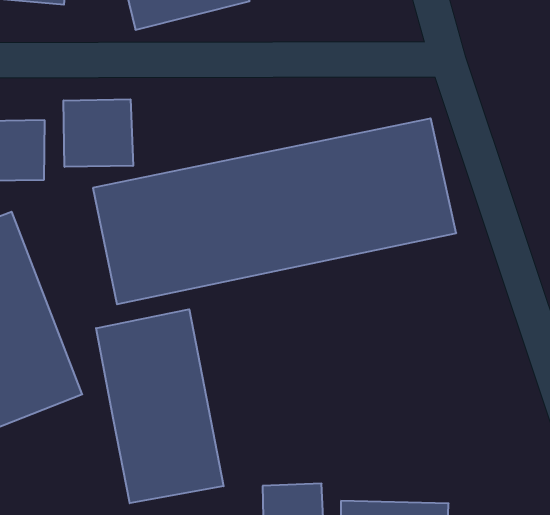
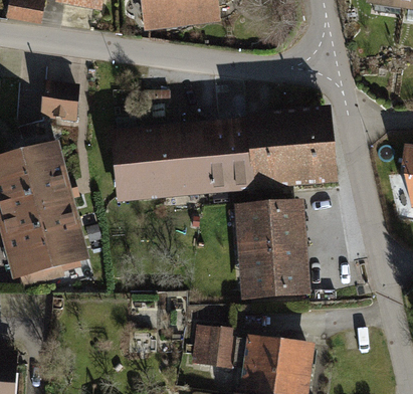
building: [64,99,133,167] -> none
building: none -> [231,197,314,299]
building: [96,309,224,503] -> none

